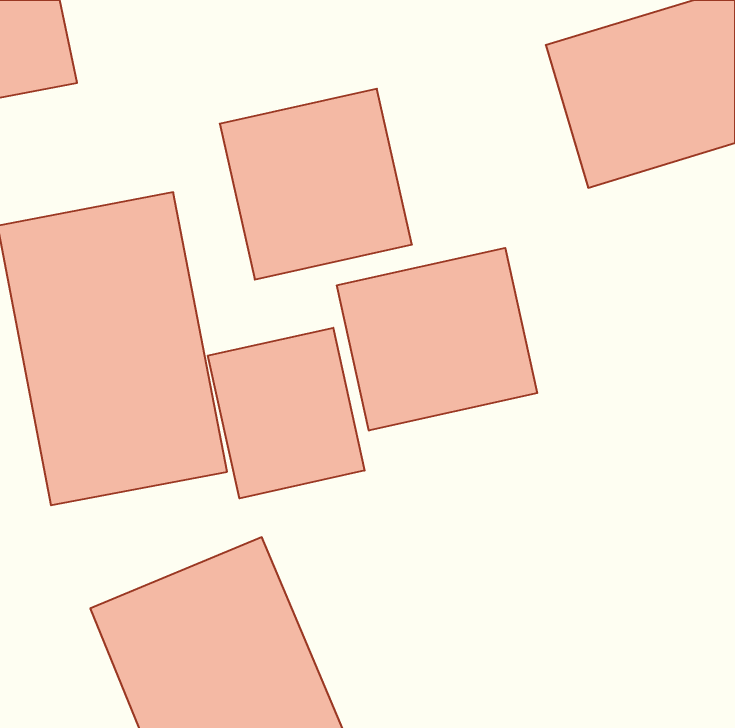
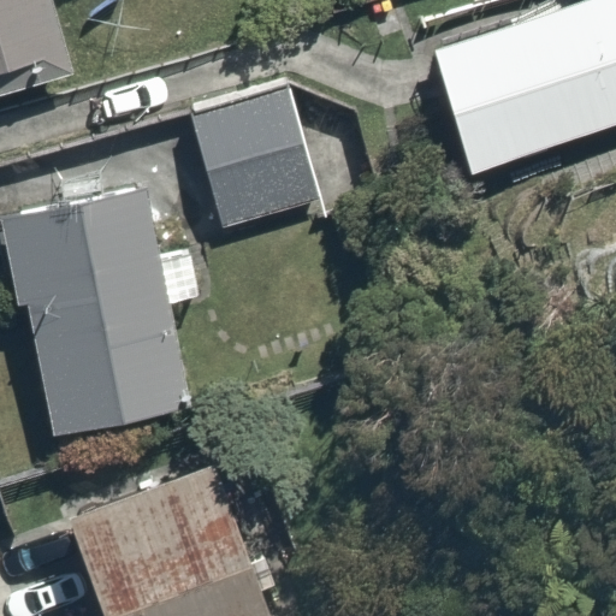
building: [337,248,537,431] -> none
building: [208,328,365,498] -> none

